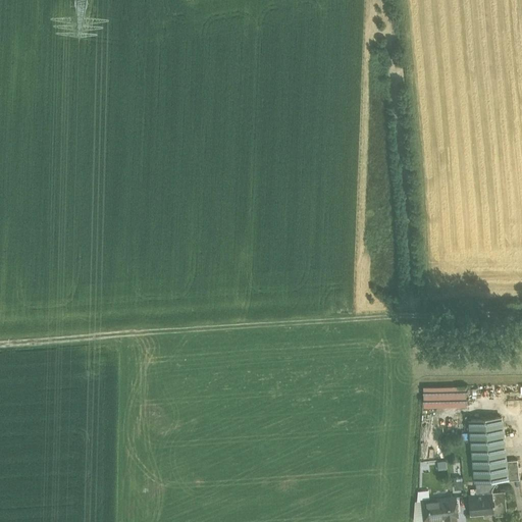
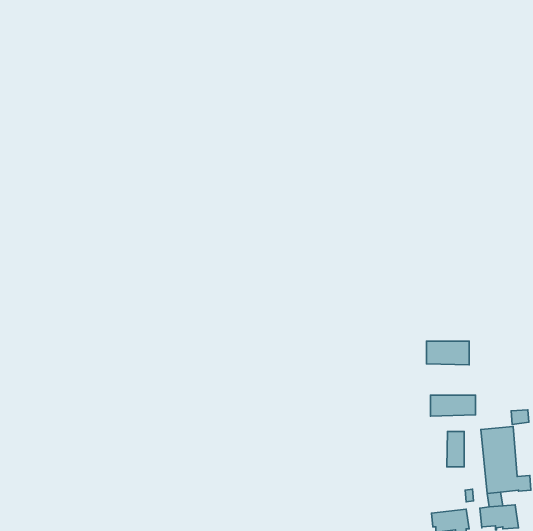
building: none -> [426,341,469,365]
building: none -> [447,431,464,467]

